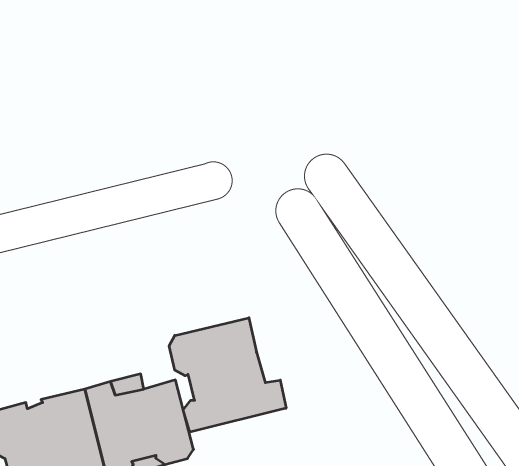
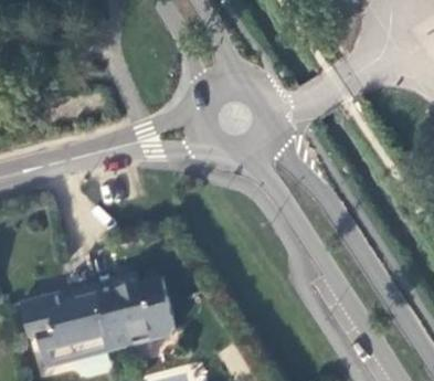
building: [169,318,286,432] -> none

